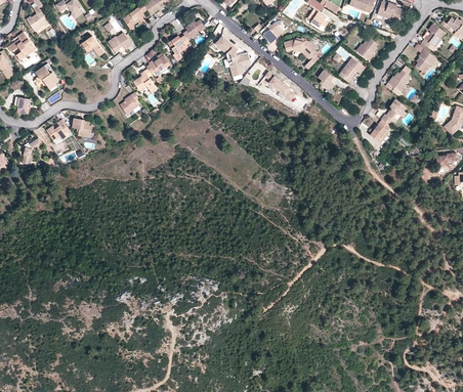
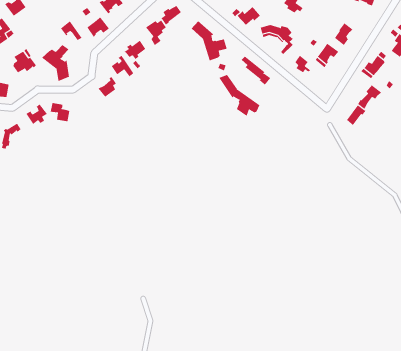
building: none -> [41,44,70,82]
building: none -> [218,74,260,117]

